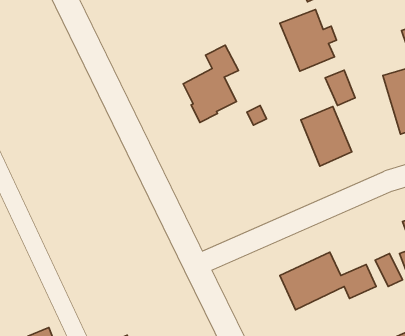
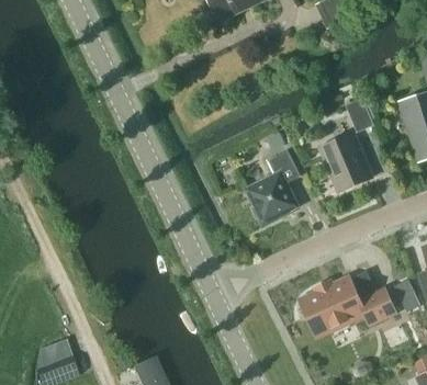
building: [280,9,336,71] -> none
building: [183,45,239,122] -> [246,149,301,226]

